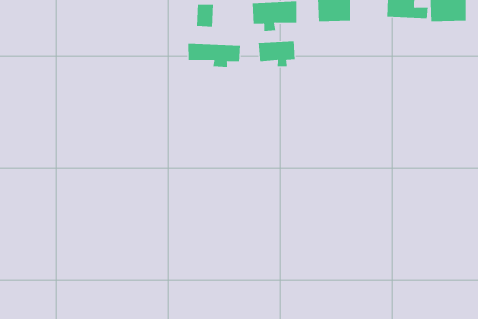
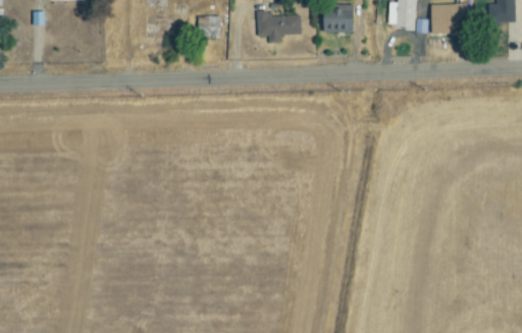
building: [258,41,295,67] -> none
building: [188,43,241,68] -> none

